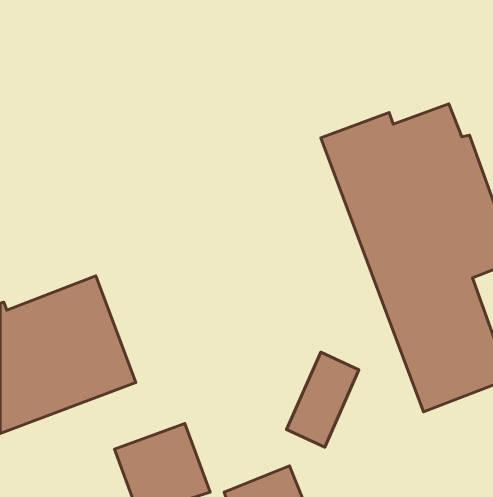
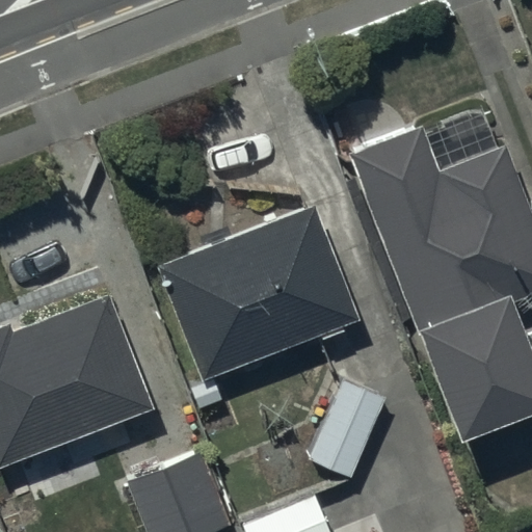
building: none -> [160,208,355,411]

